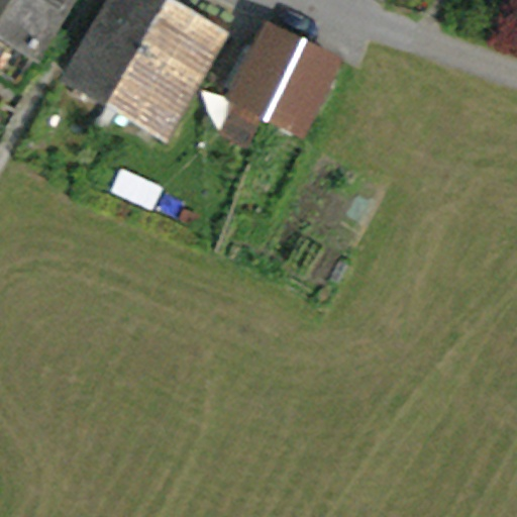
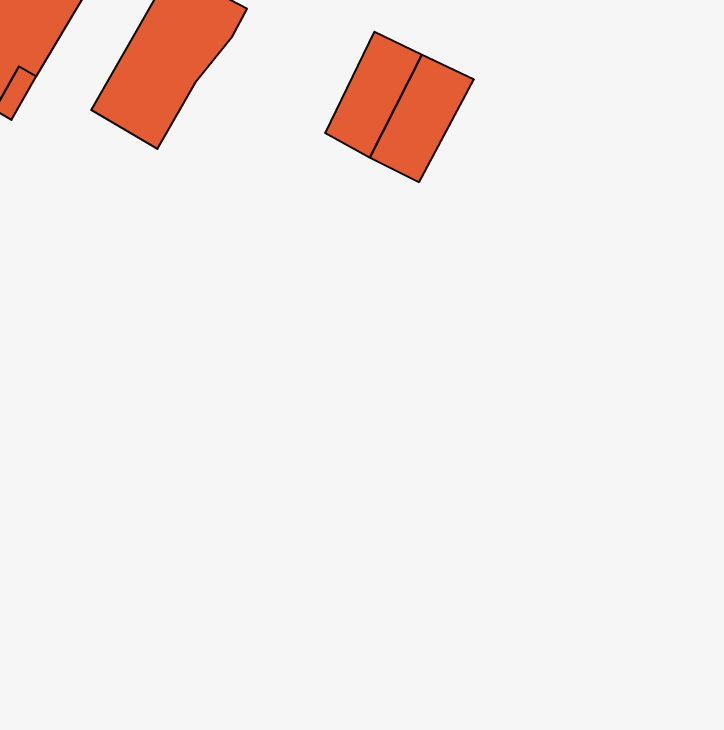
building: [110,6,215,131] -> none

